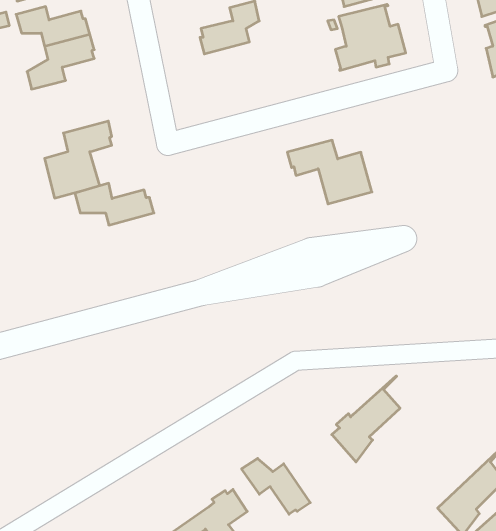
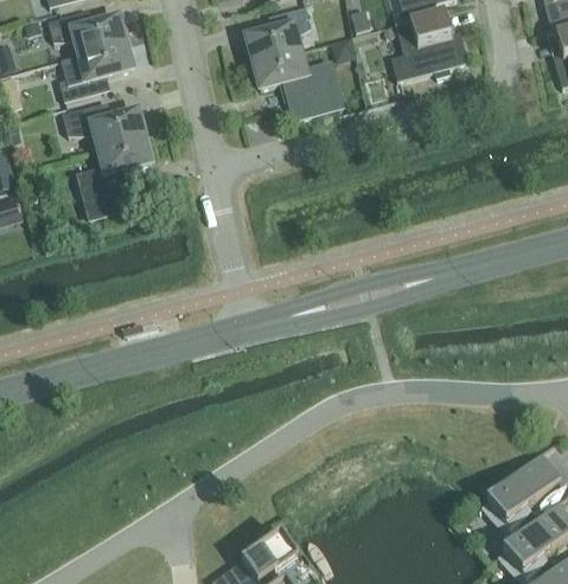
building: [287,140,372,204] -> [250,50,342,118]
building: [75,183,154,225] -> [62,103,147,148]
building: [332,376,400,462] -> [486,439,560,532]
building: [242,458,310,514] -> none

